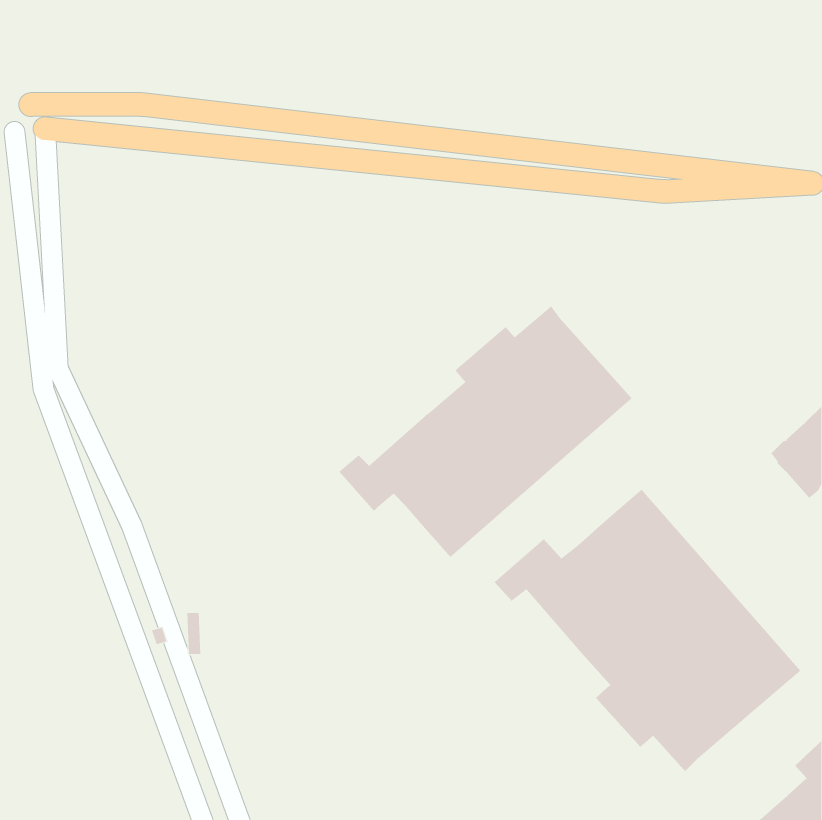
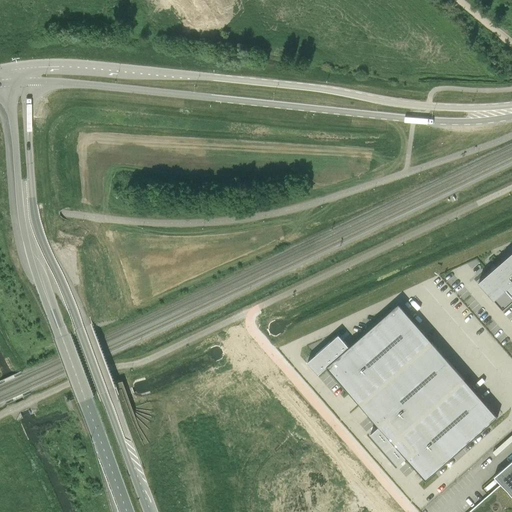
building: [339,306,633,558] -> none

